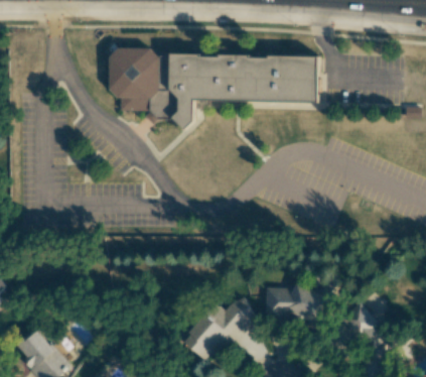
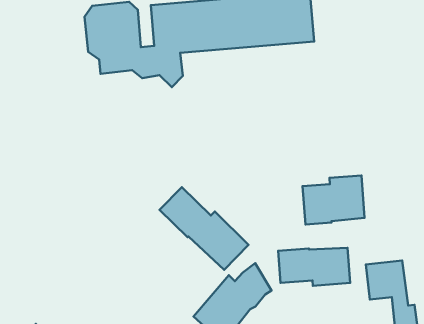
building: none -> [160,187,249,270]
building: none -> [303,176,364,224]

